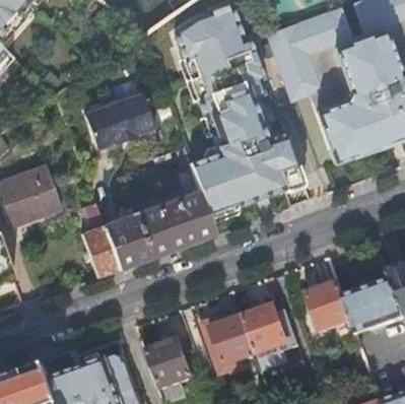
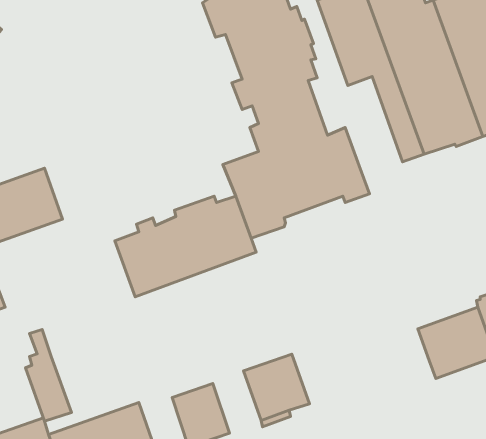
building: [84,90,155,147] -> none
building: [81,202,118,275] -> [26,330,71,421]
building: [307,279,352,330] -> none
building: [243,302,289,353] -> none

